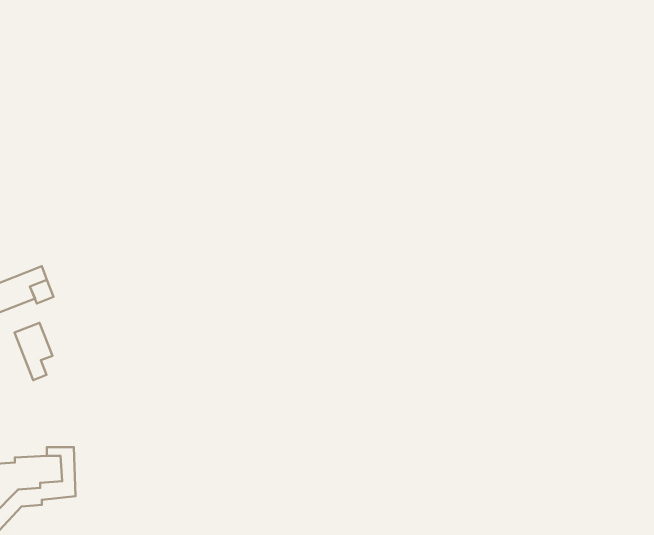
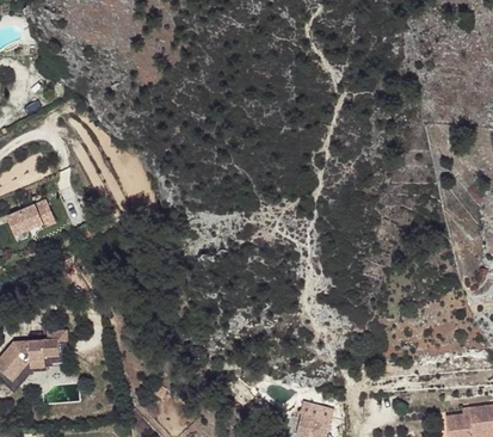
building: [14,323,53,380] -> none

